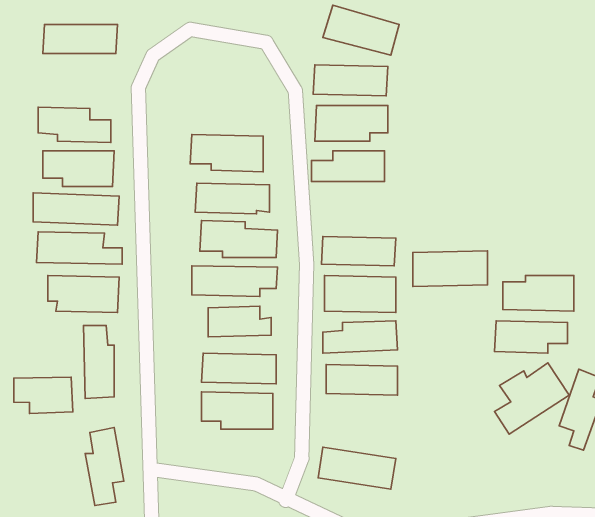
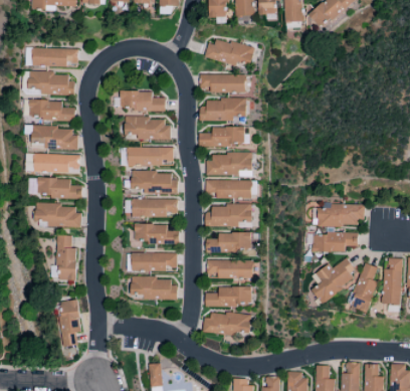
building: none -> [28,71,75,94]
building: none -> [120,90,166,111]
building: [413,251,487,286] -> [206,154,252,176]
building: [14,377,73,413] -> none
building: none -> [205,286,251,306]

